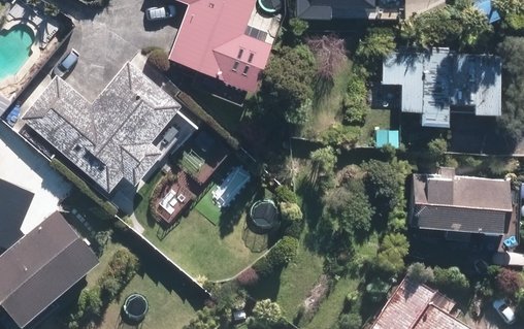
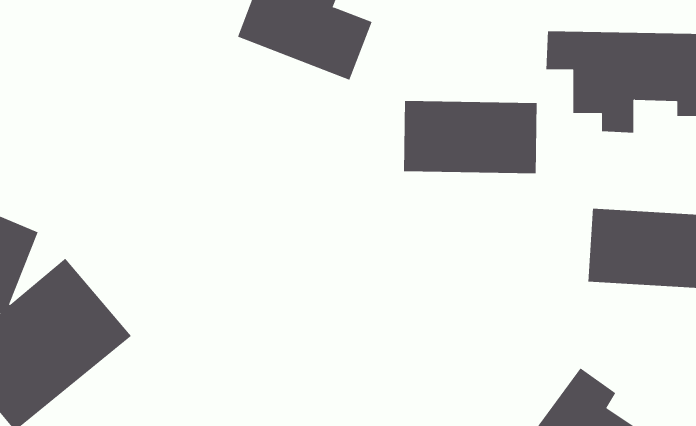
building: [25,67,173,189] -> none
building: none -> [403,100,537,174]

